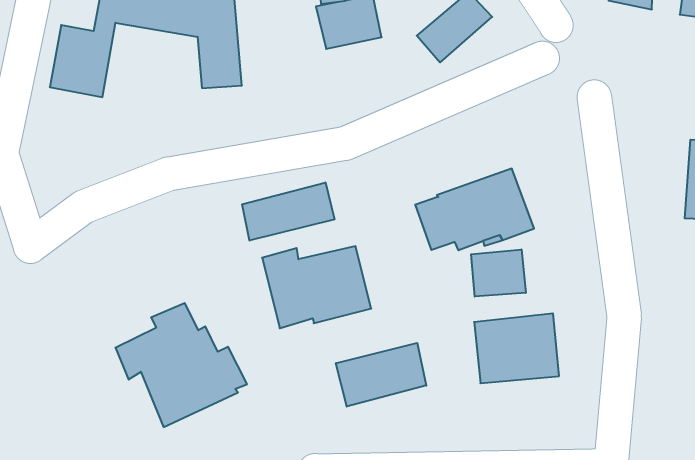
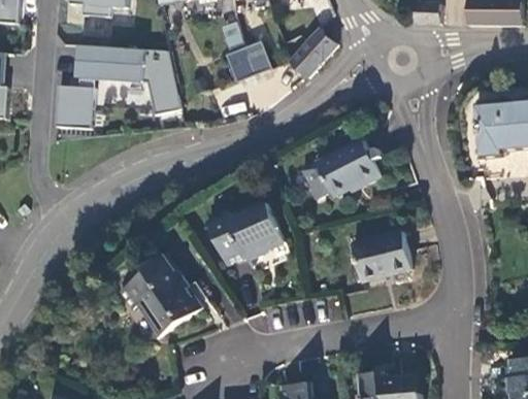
building: [242,182,335,241] -> none
building: [471,249,526,297] -> none
building: [336,343,426,407] -> none

